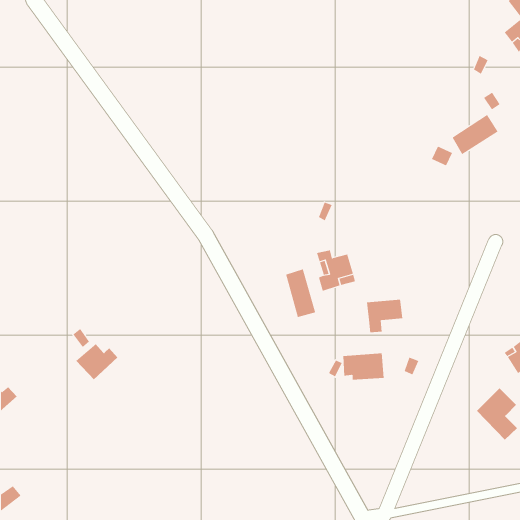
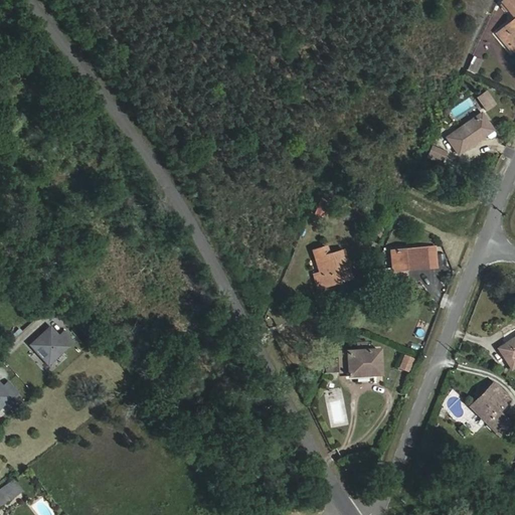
building: [286,268,316,318] -> none
building: [366,299,403,333] -> [391,246,427,280]
building: [75,343,118,380] -> [31,327,73,363]

